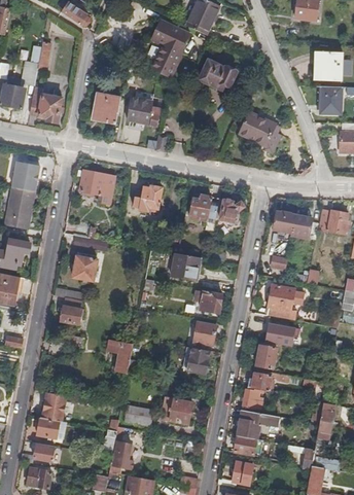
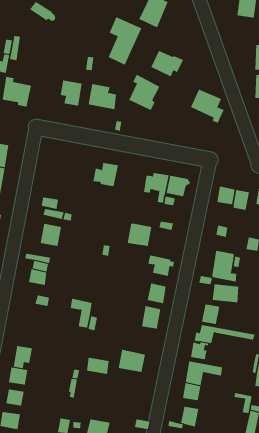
building: none -> [128,74,160,111]
building: [76,171,115,206] -> none
building: [108,444,142,473] -> none

